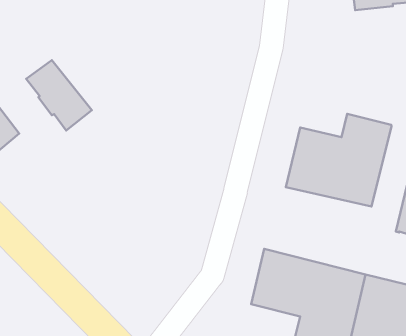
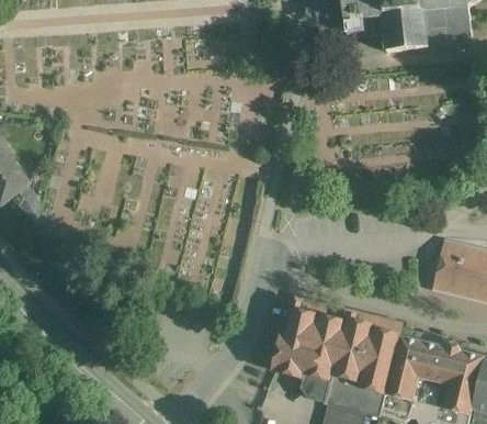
building: [26,60,92,130] -> none
building: [286,114,391,206] -> none

